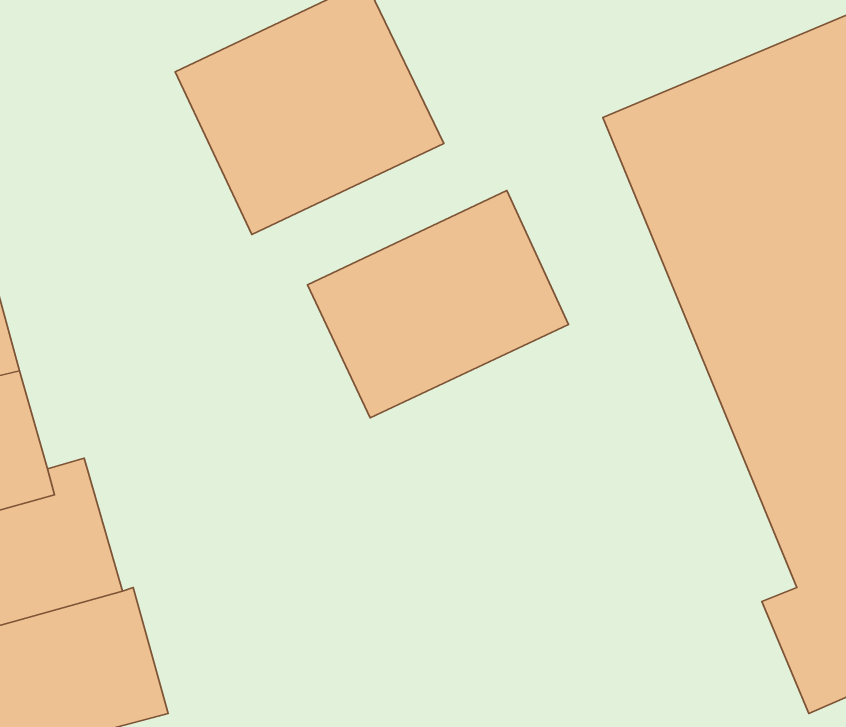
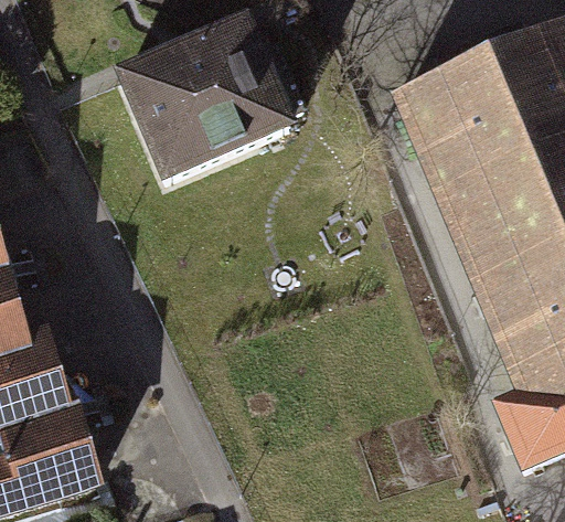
building: [307,190,568,418] -> none

